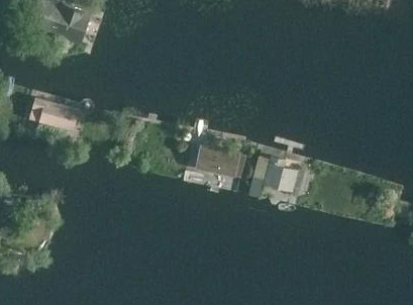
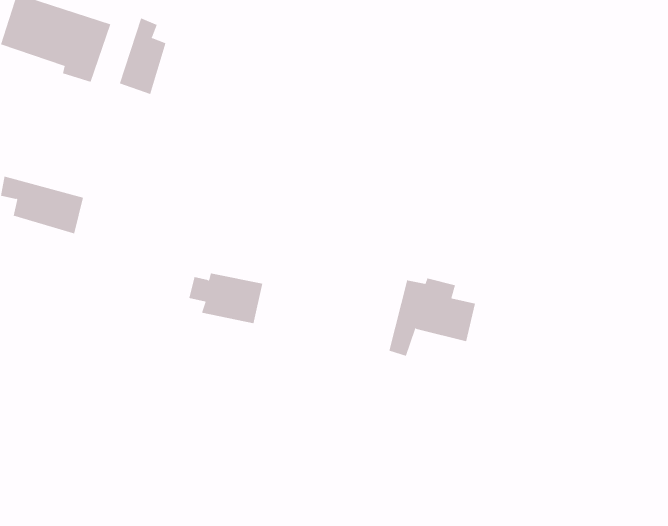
building: none -> [119,17,166,95]
building: [196,146,237,175] -> [188,273,263,324]

